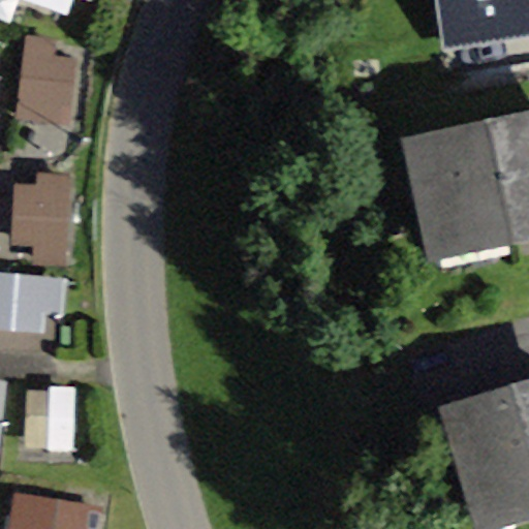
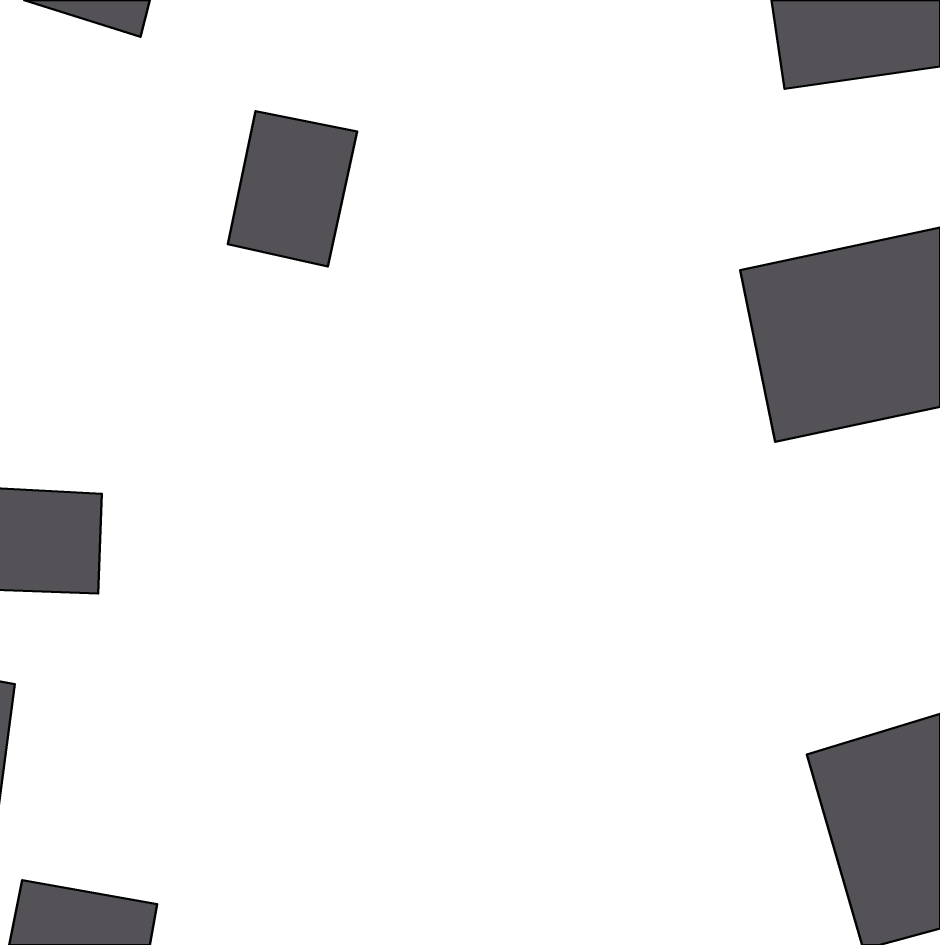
building: [10,44,83,131] -> [228,111,357,266]
building: [11,180,70,262] -> none
building: [25,387,75,454] -> none

